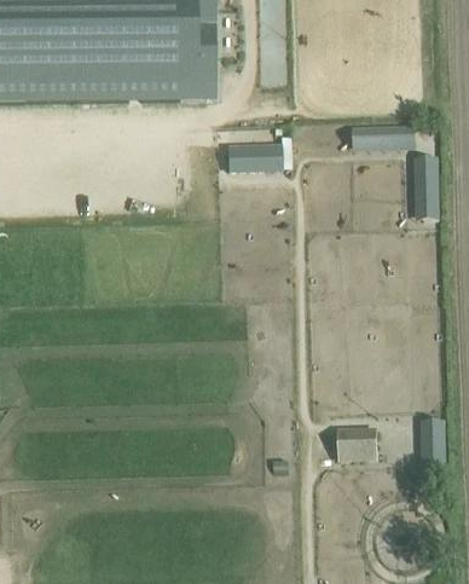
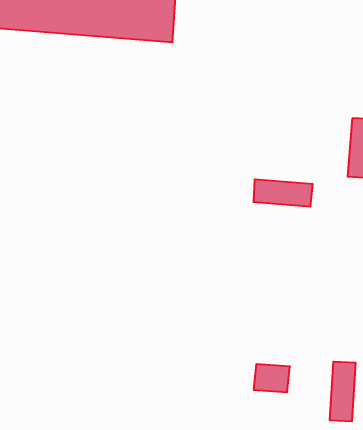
building: [352,126,415,151] -> [253,179,313,207]
building: [227,143,284,173] -> none

